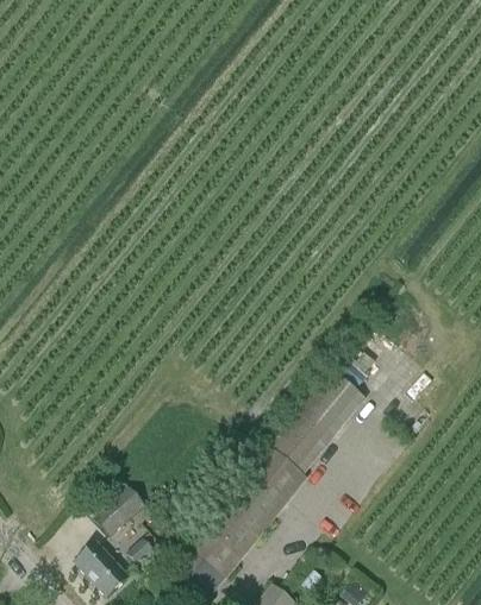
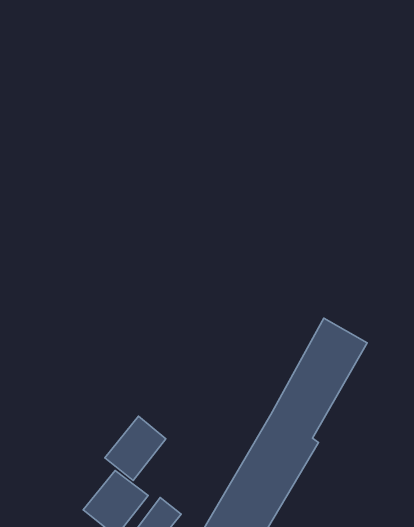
building: none -> [105,416,166,481]

